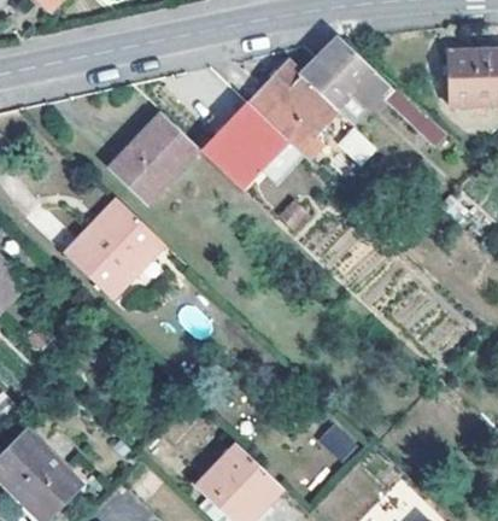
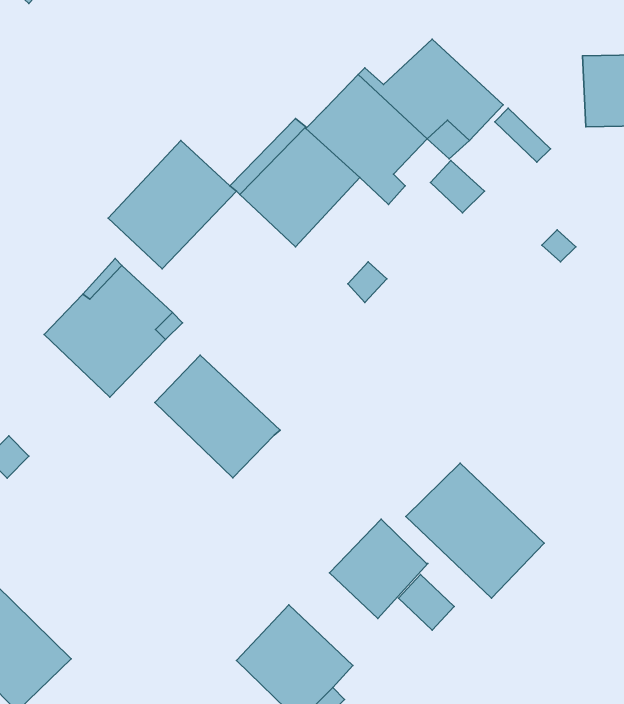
building: none -> [155,355,280,478]
building: none -> [406,463,544,598]
building: none -> [330,519,428,618]

